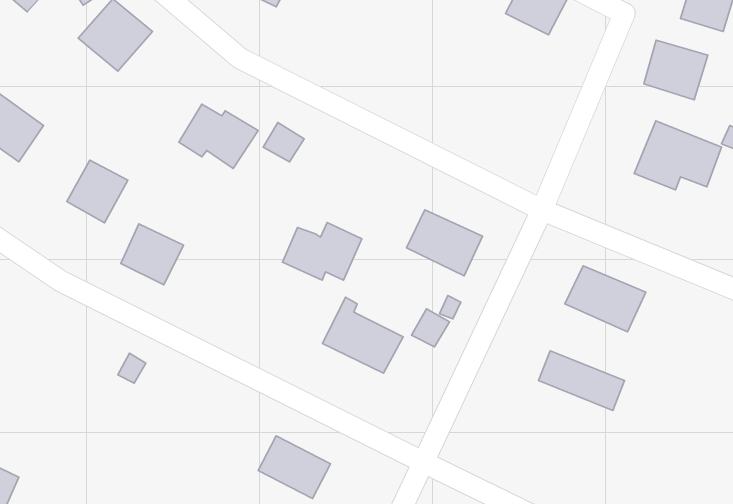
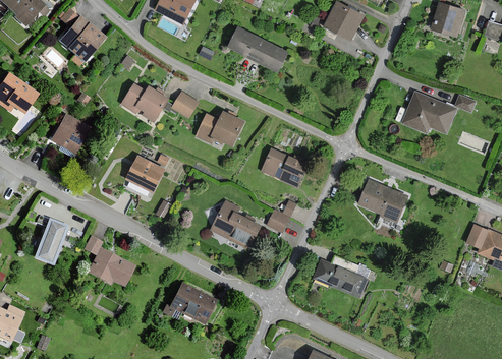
building: none -> [227,26,286,70]
building: [644,40,708,100] -> none
building: [283,222,362,280] -> [197,111,245,146]
building: [121,224,184,285] -> [127,156,166,193]
building: none -> [36,221,70,266]
building: [539,351,624,410] -> [313,259,366,296]
building: none -> [90,248,133,284]

